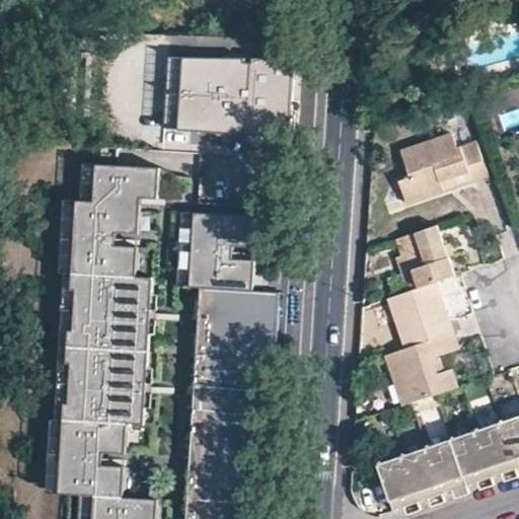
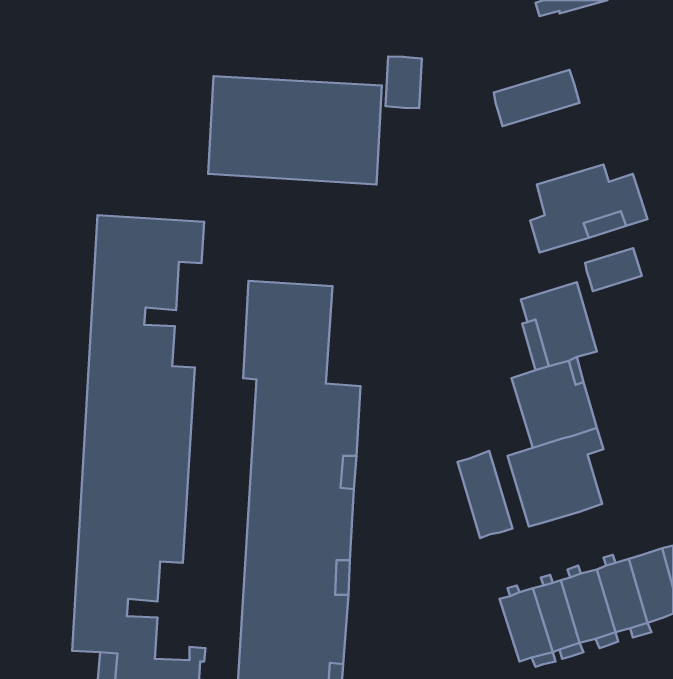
building: none -> [386,57,422,108]
building: none -> [494,70,580,126]
building: none -> [585,248,642,291]
building: none -> [458,451,513,538]

